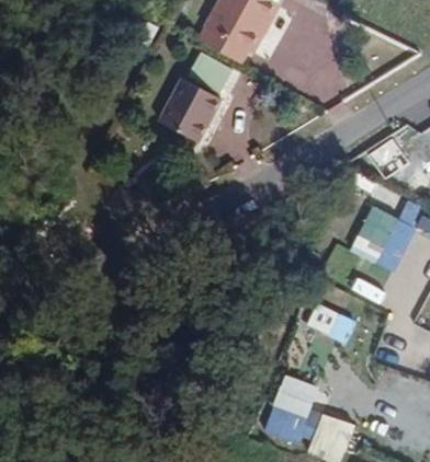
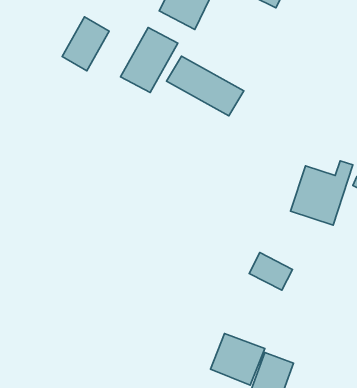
building: none -> [62,17,109,71]
building: none -> [166,56,244,116]

